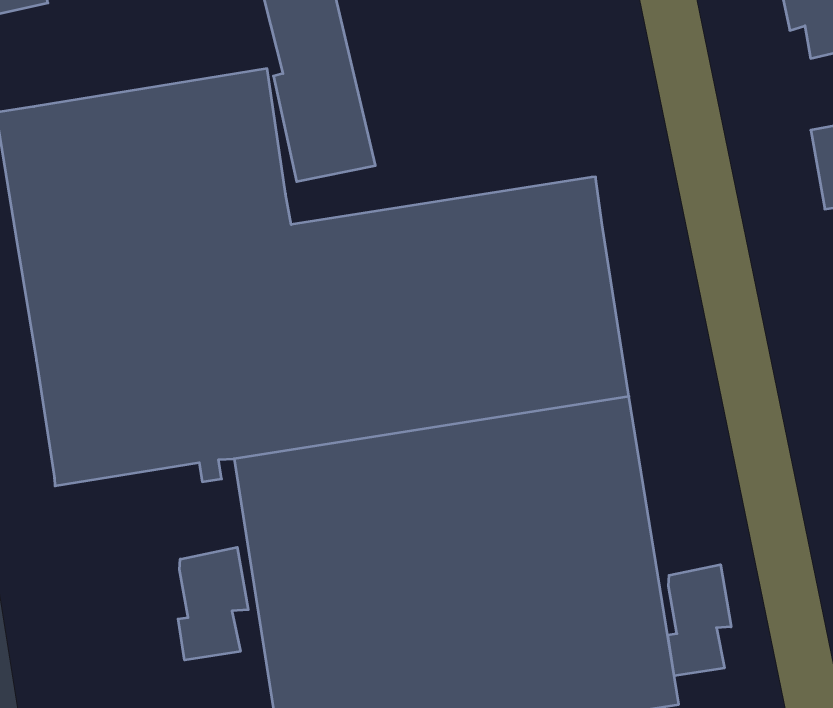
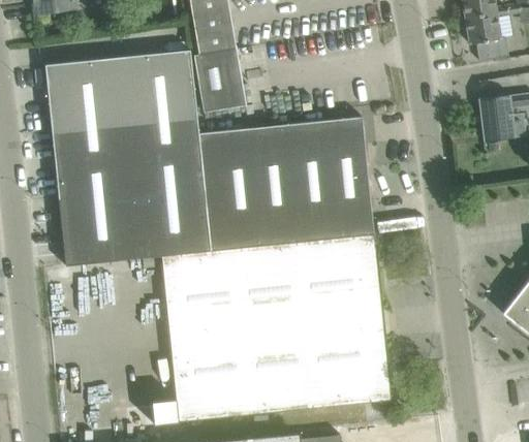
building: [178,547,248,660] -> none
building: [668,565,731,676] -> none

